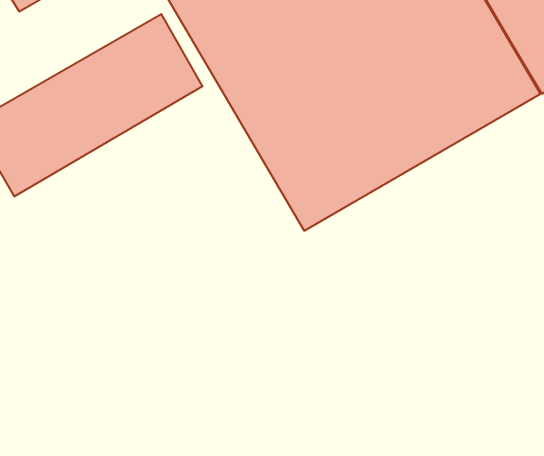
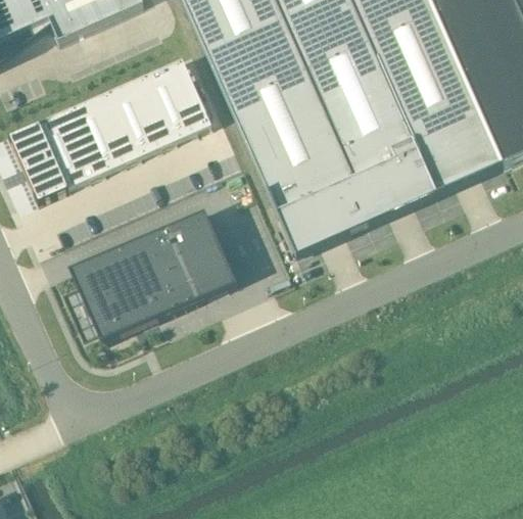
building: none -> [84,203,245,333]

